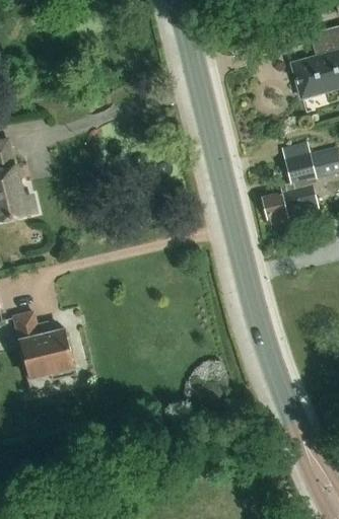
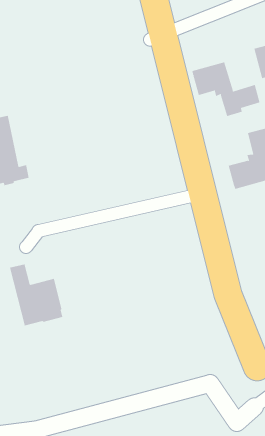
building: none -> [192,61,260,117]

